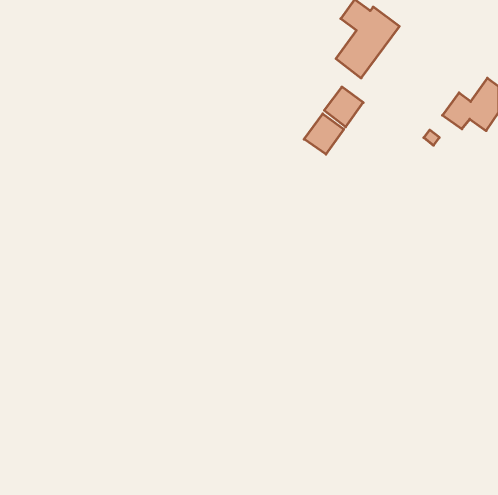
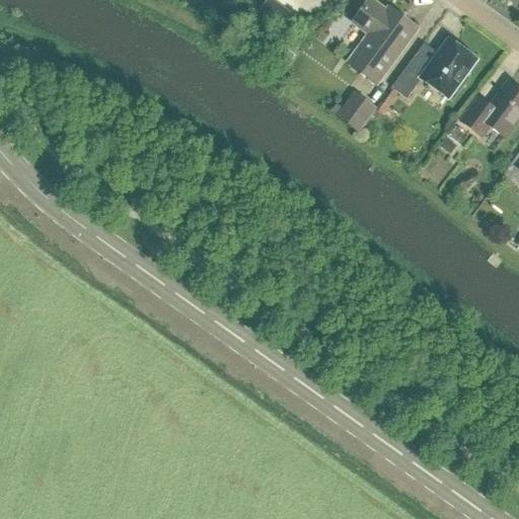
building: none -> [392,38,476,99]
building: [304,114,344,154] -> none

